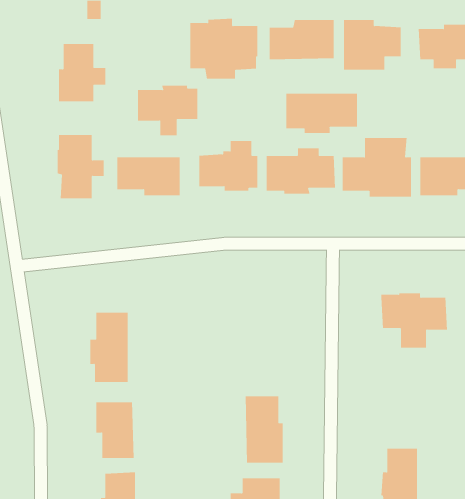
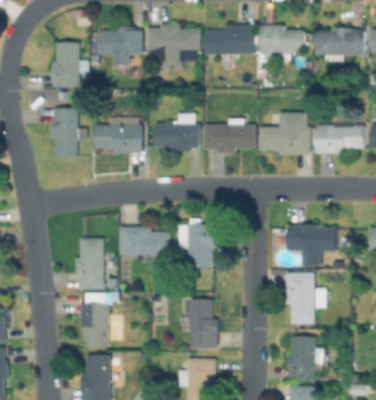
building: [137,85,198,136] -> [98,28,142,65]
building: [286,93,358,134] -> none
building: none -> [177,224,214,266]
building: none -> [118,226,170,254]
building: none -> [286,273,325,323]

